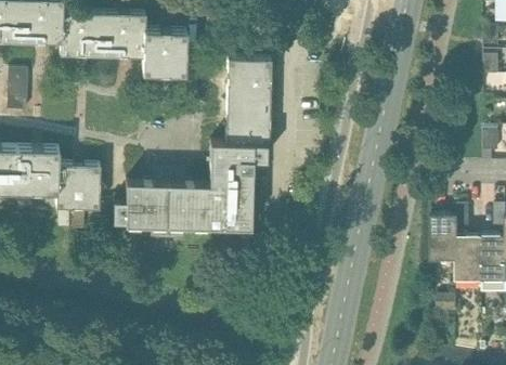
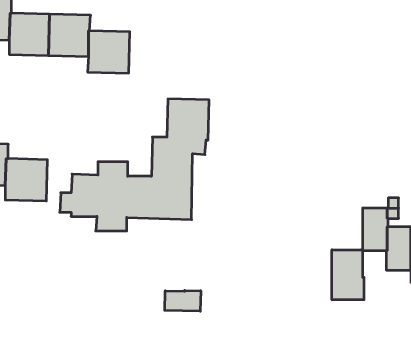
building: [229,63,273,106] -> none
building: none -> [332,250,364,300]
building: none -> [165,290,201,311]

